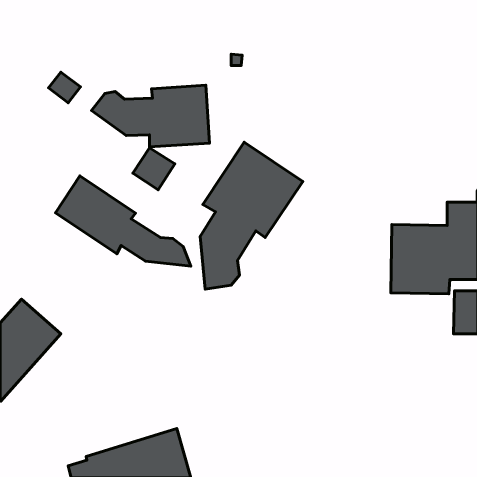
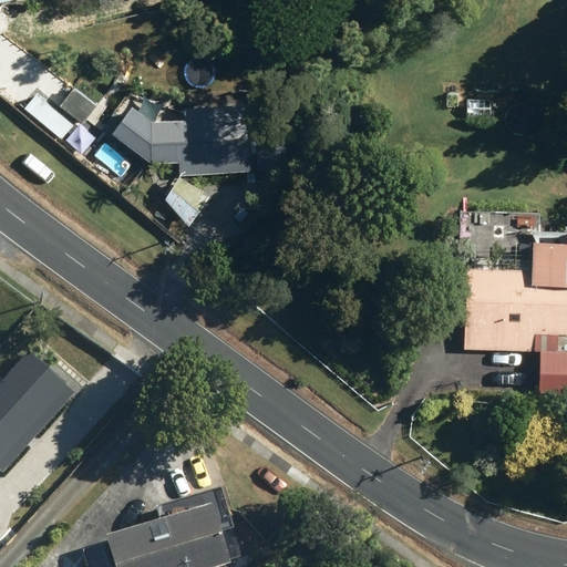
building: [200,142,303,289] -> none
building: [55,176,191,266] -> none

